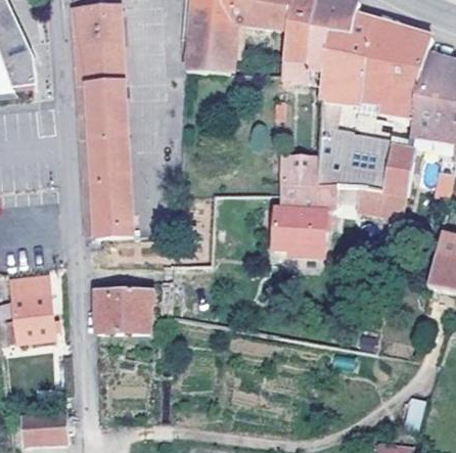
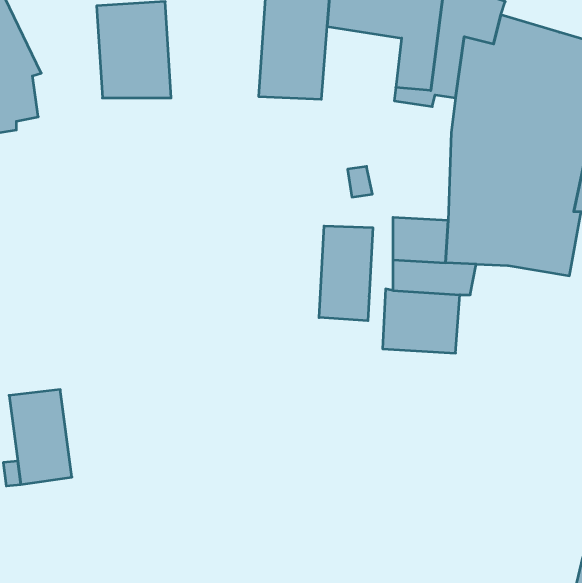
building: [77,72,134,237] -> none
building: none -> [319,226,373,321]
building: [358,189,404,216] -> none
building: [94,287,151,333] -> none

